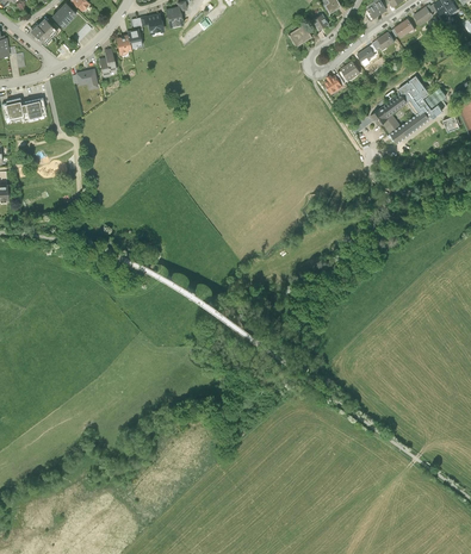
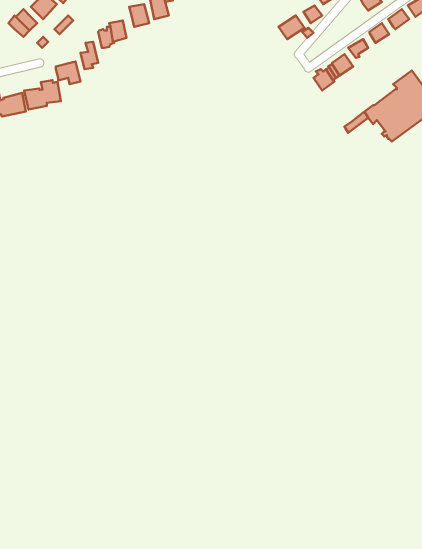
building: none -> [24,80,61,110]

